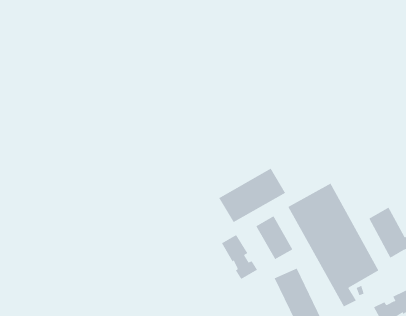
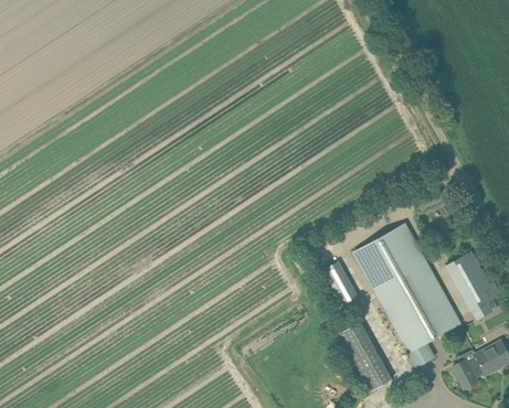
building: [219,168,286,223] -> none
building: [221,234,258,280] -> none

